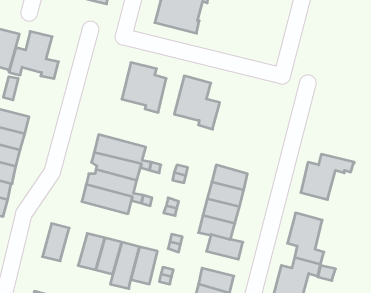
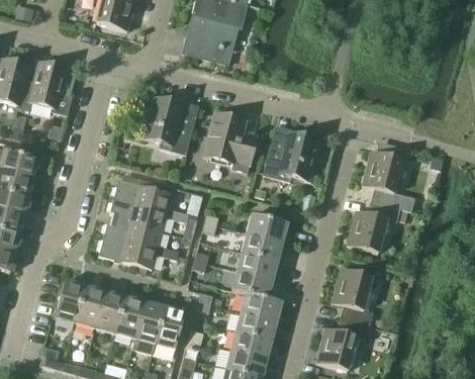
building: none -> [264,130,318,180]
building: none -> [363,150,415,210]
building: none -> [75,284,105,326]
building: none -> [235,310,277,339]

